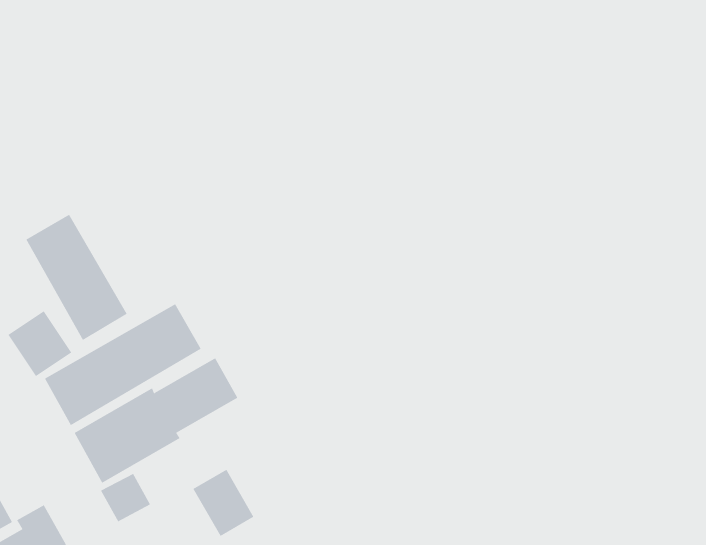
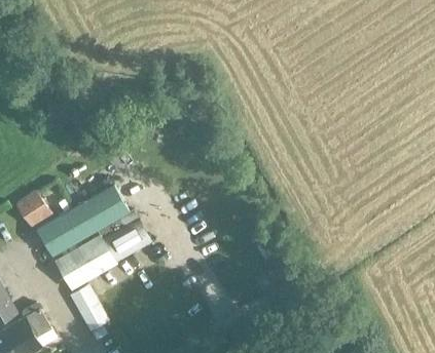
building: [25,214,128,341] -> none
building: [193,469,254,537] -> none

